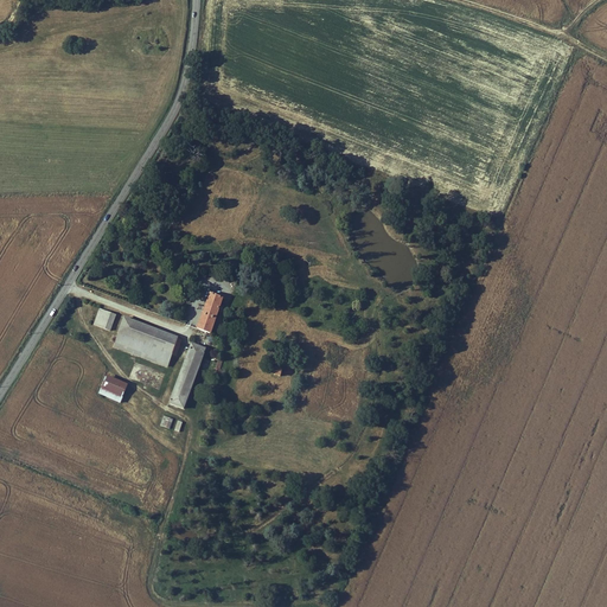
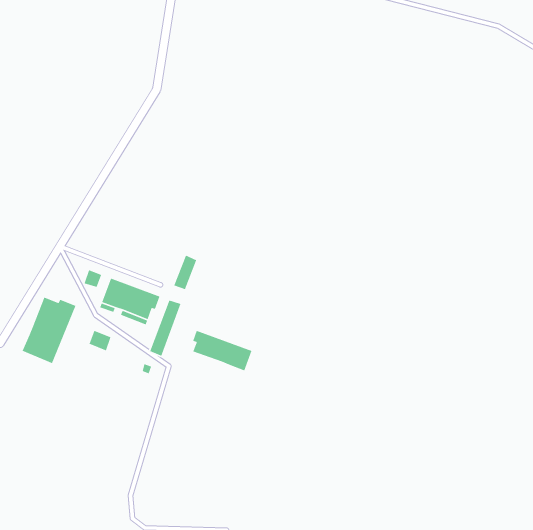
building: none -> [21,296,77,364]
building: none -> [192,330,252,371]

